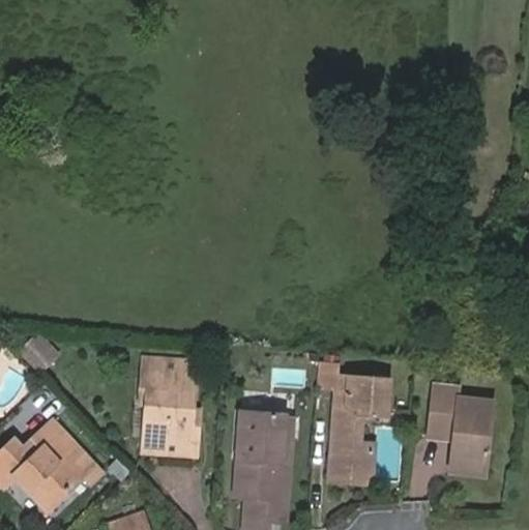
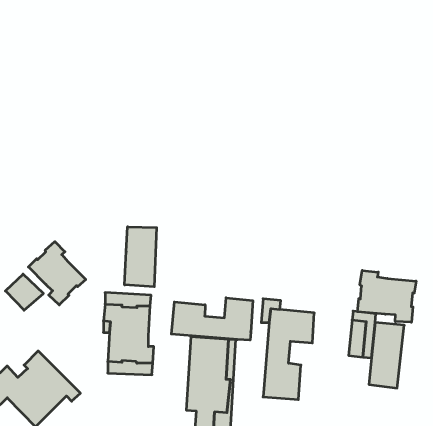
building: none -> [125,227,157,287]
building: none -> [28,242,86,305]
building: none -> [358,270,416,322]
building: none -> [171,298,253,340]

